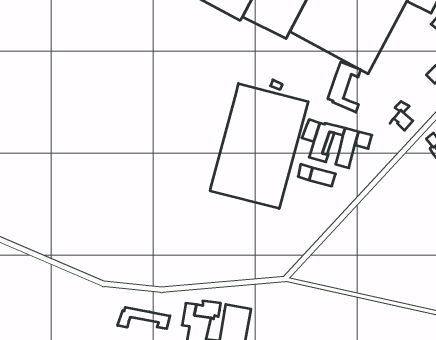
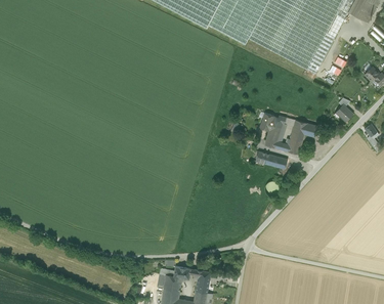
building: [328,62,360,112] -> none
building: [210,83,308,209] -> none
building: [118,307,170,329] -> none

